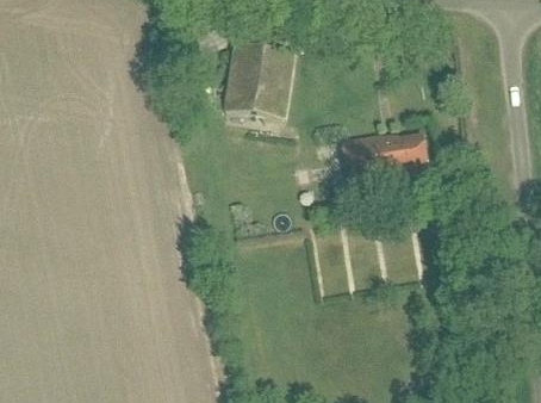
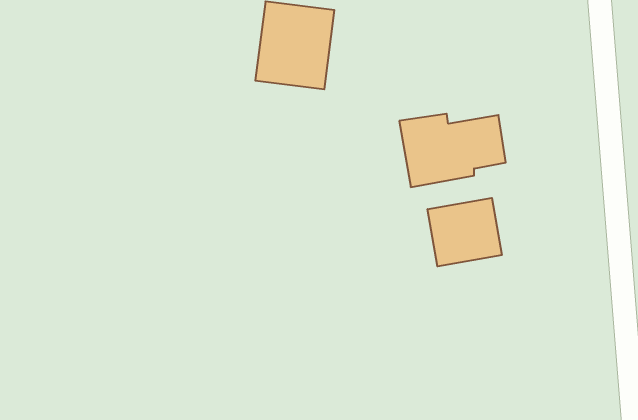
building: none -> [428,198,502,266]

